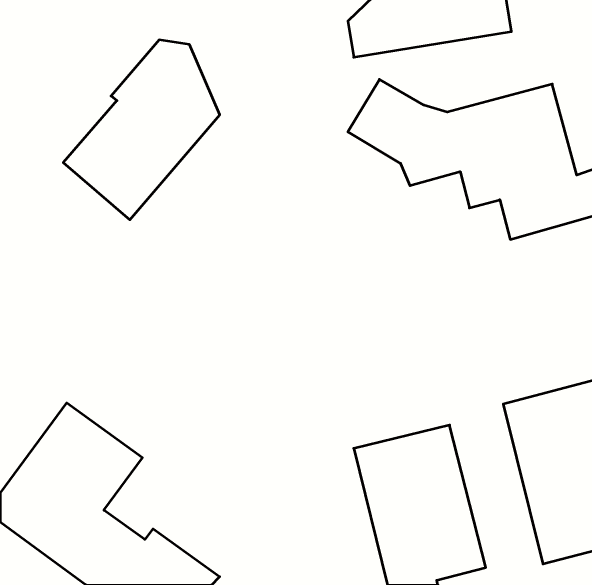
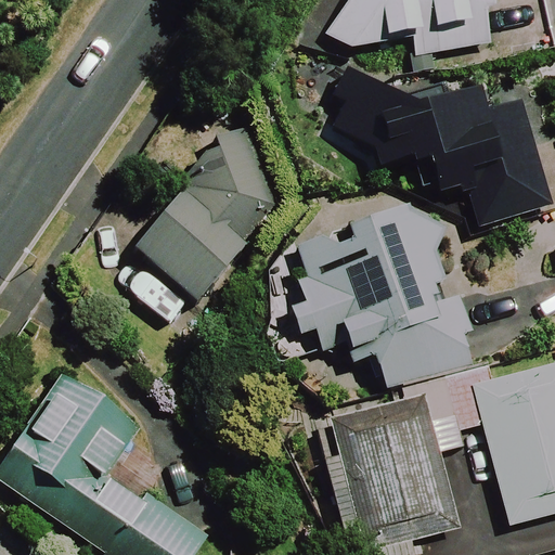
building: [63,40,220,220] -> [134,133,280,300]
building: none -> [291,209,477,367]

